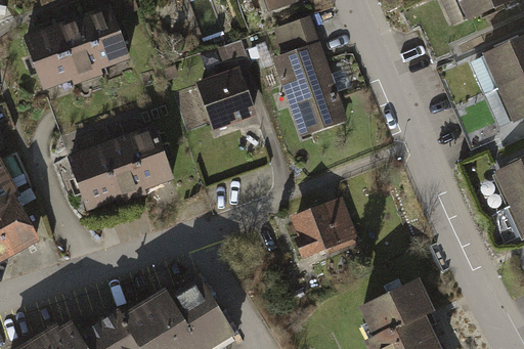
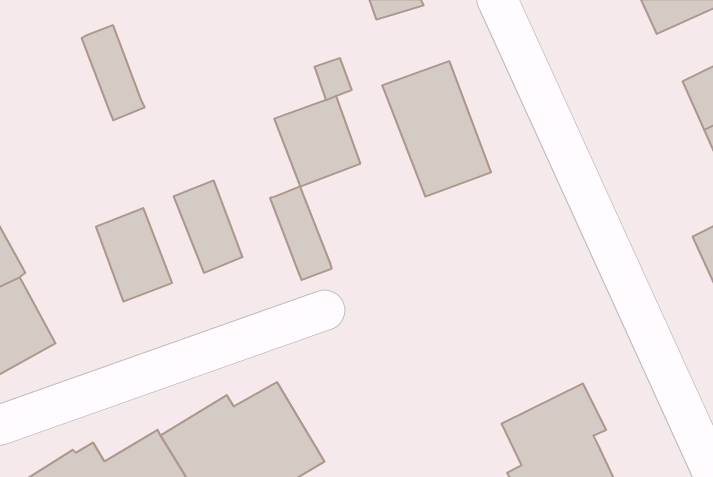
building: [82,9,131,74] -> none
building: [275,19,321,58] -> none
building: [26,29,80,94] -> none
building: [103,141,147,208] -> [270,186,332,280]
building: [290,194,361,257] -> none

